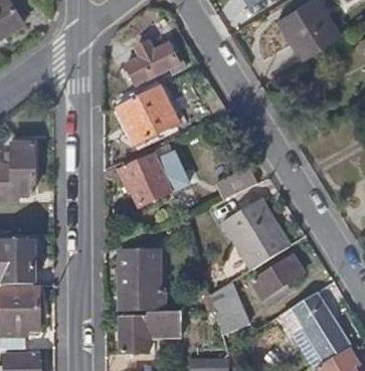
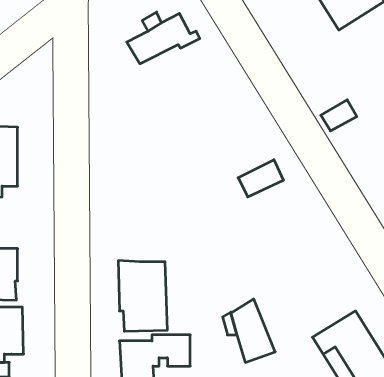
building: [117,87,178,147] -> none
building: [118,153,185,207] -> none
building: [223,200,289,270] -> none
building: [253,255,304,298] -> none

